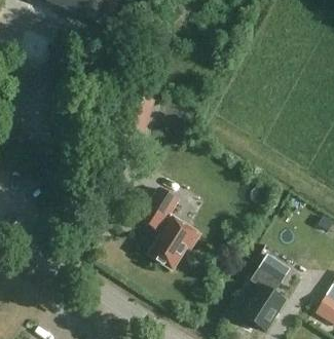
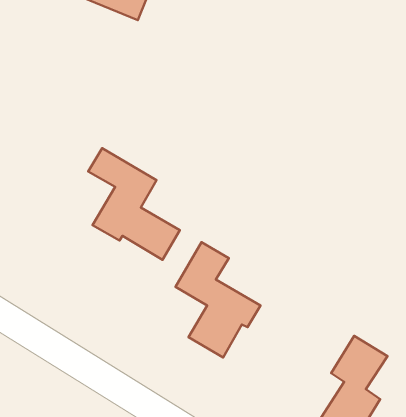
building: none -> [88,148,180,260]

